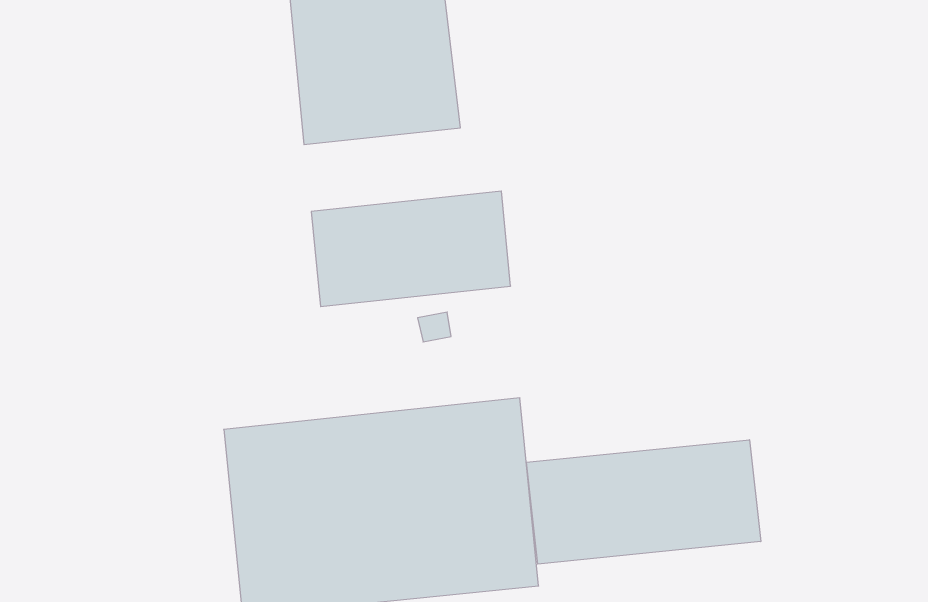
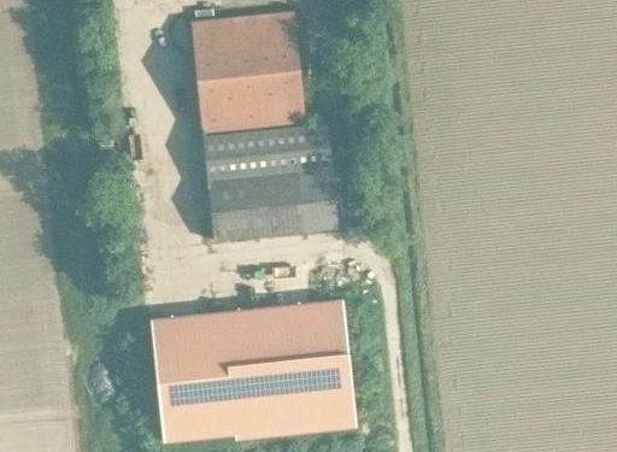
building: none -> [204,124,331,181]
building: [526,440,761,564] -> none

